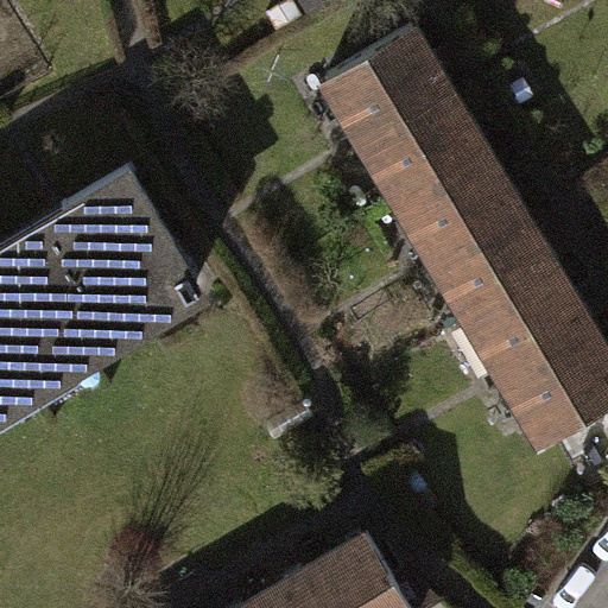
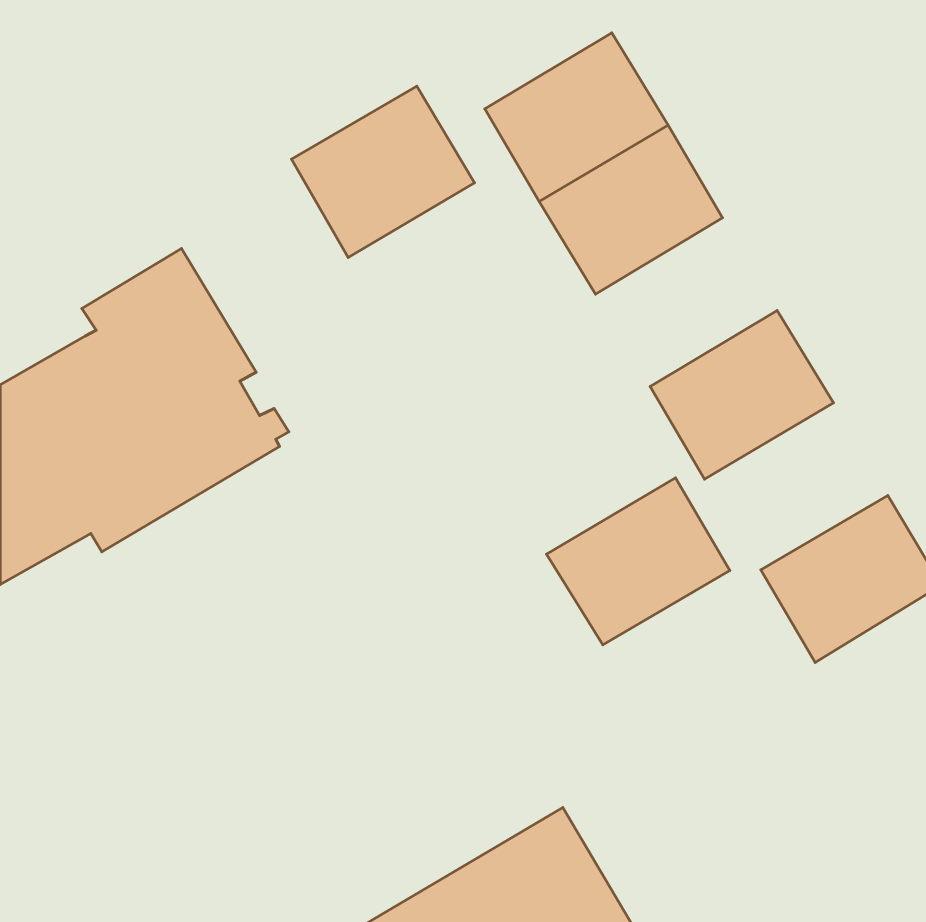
building: none -> [292,86,474,257]
building: [391,146,509,256] -> none
building: [462,267,582,376] -> [546,478,730,645]

